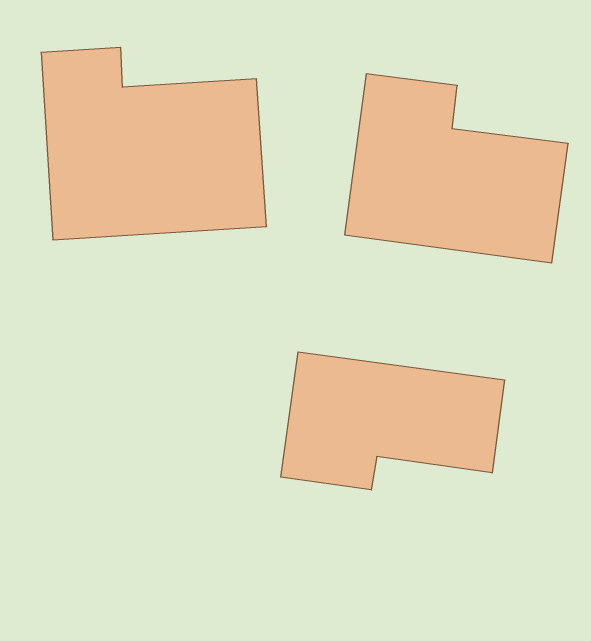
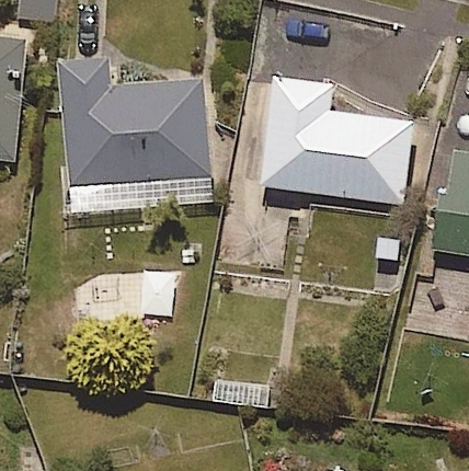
building: [281,352,504,490] -> none

